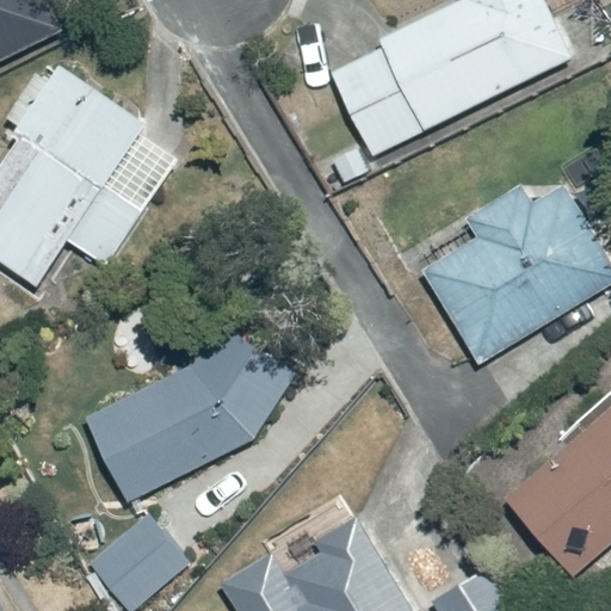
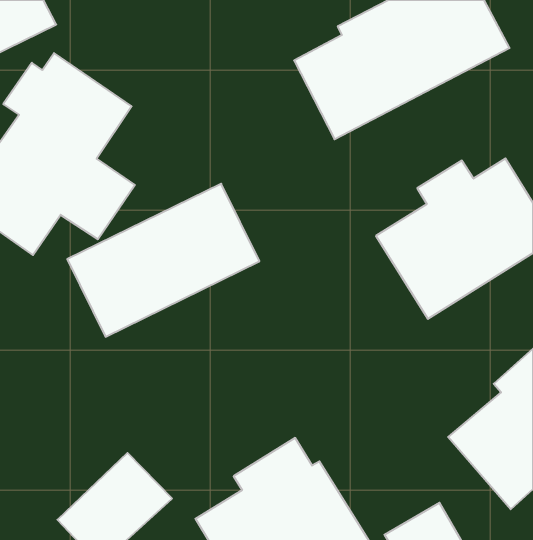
building: [85,334,301,506] -> [67,184,259,337]

